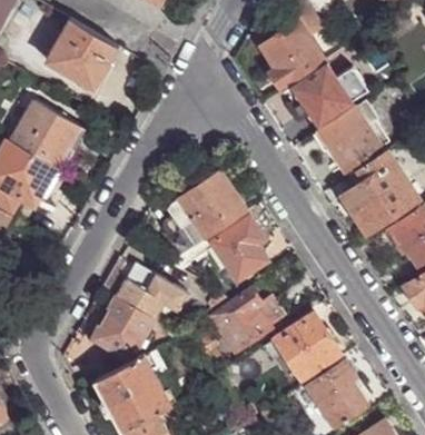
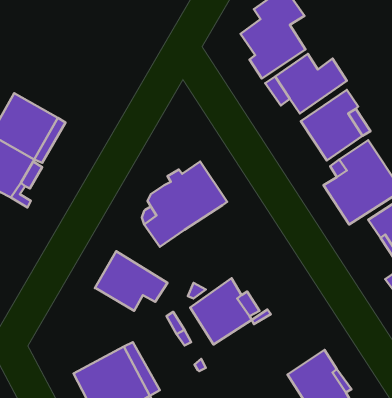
building: [45,21,119,91] -> none
building: [166,214,266,281] -> none
building: [90,296,155,359] -> none
building: [274,312,338,377] -> none

